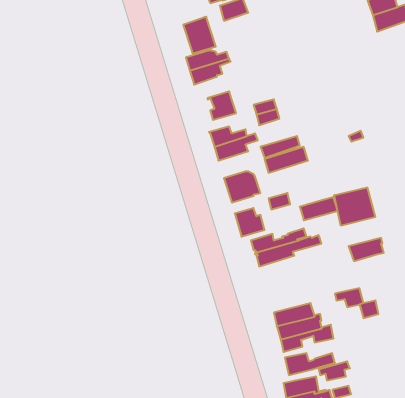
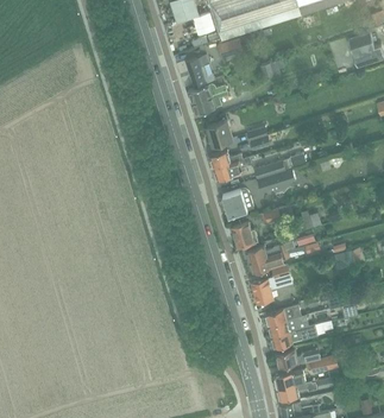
building: [334,187,375,226] -> none
building: none -> [251,264,292,303]

